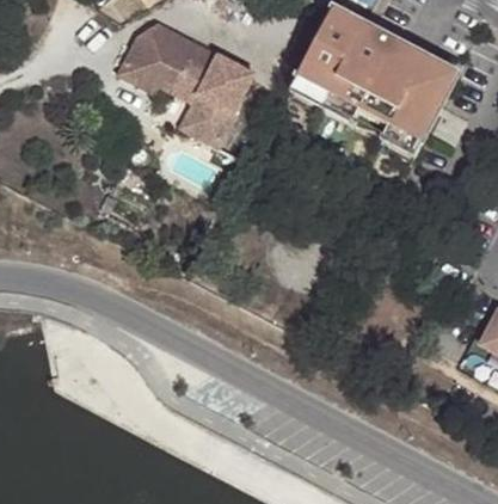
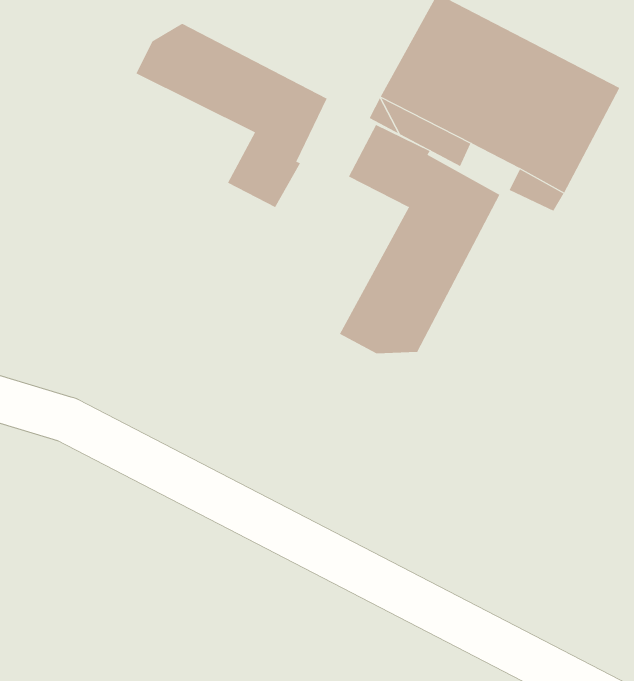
building: [124,57,211,130] -> none
building: none -> [339,124,500,354]

